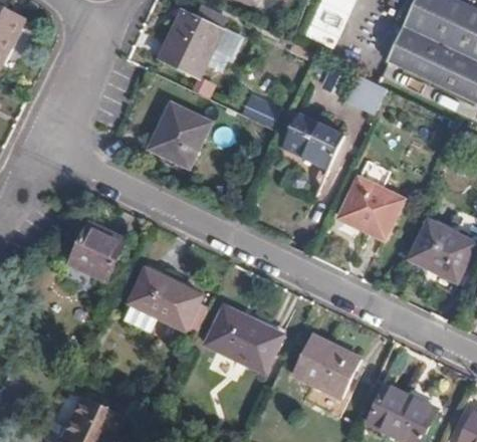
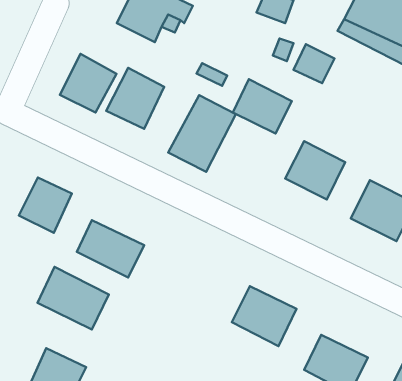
building: none -> [60,54,116,112]
building: none -> [168,95,236,172]
building: [195,299,270,366] -> [37,267,109,330]

